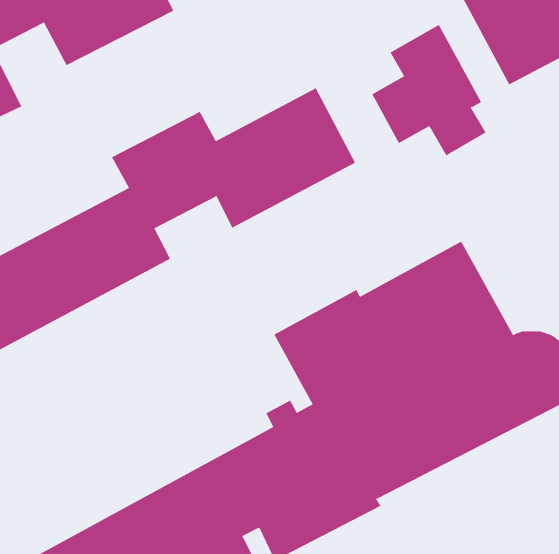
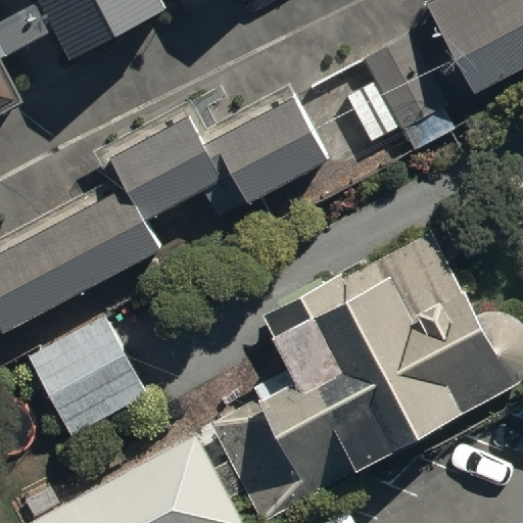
building: none -> [29,314,149,439]

